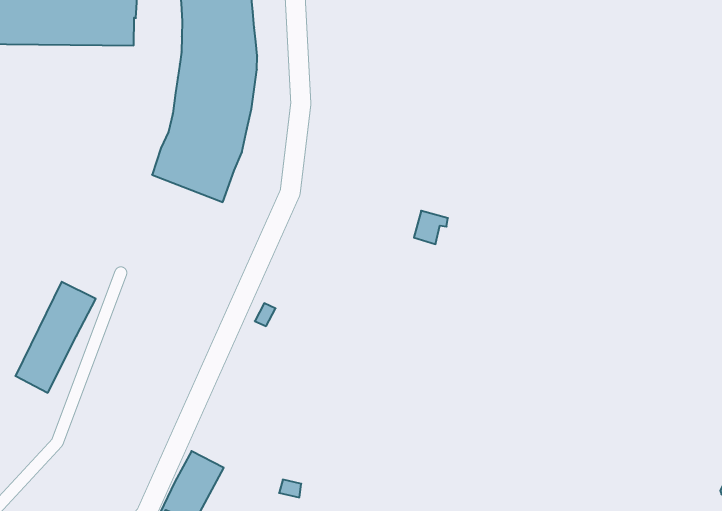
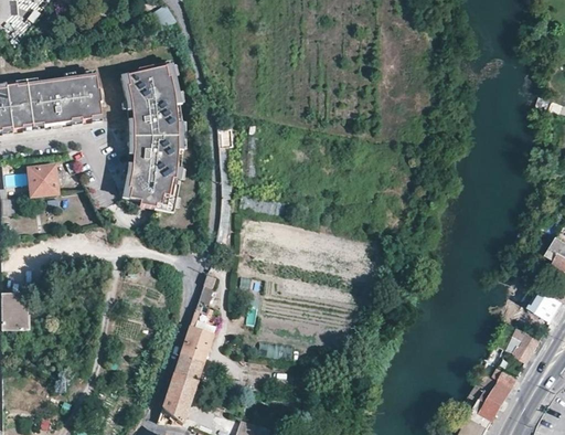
building: none -> [28,165,55,195]
building: [15,282,96,393] -> [173,309,217,381]

